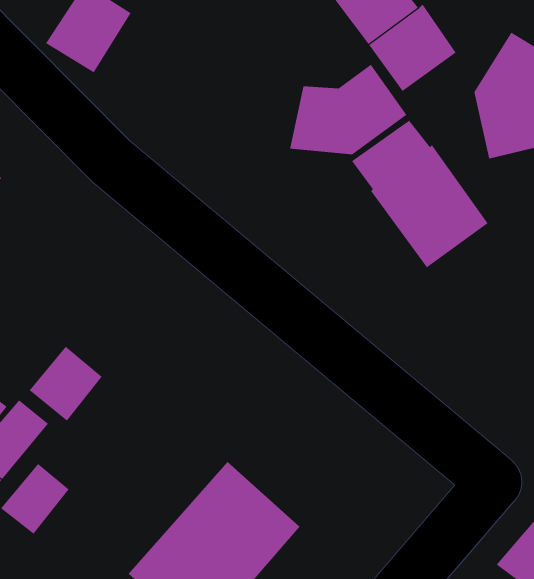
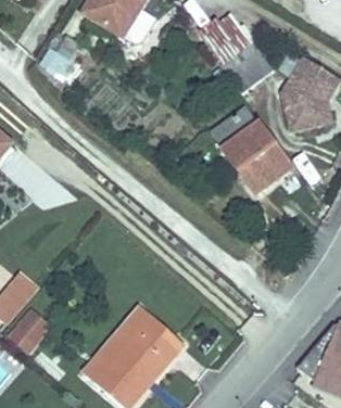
building: [289,64,407,155] -> none
building: [29,346,102,421] -> none

